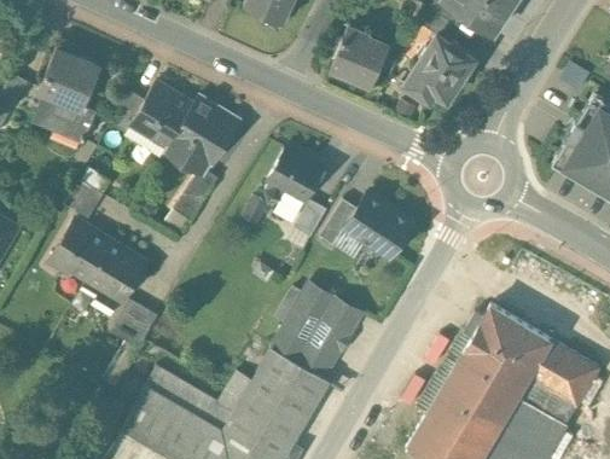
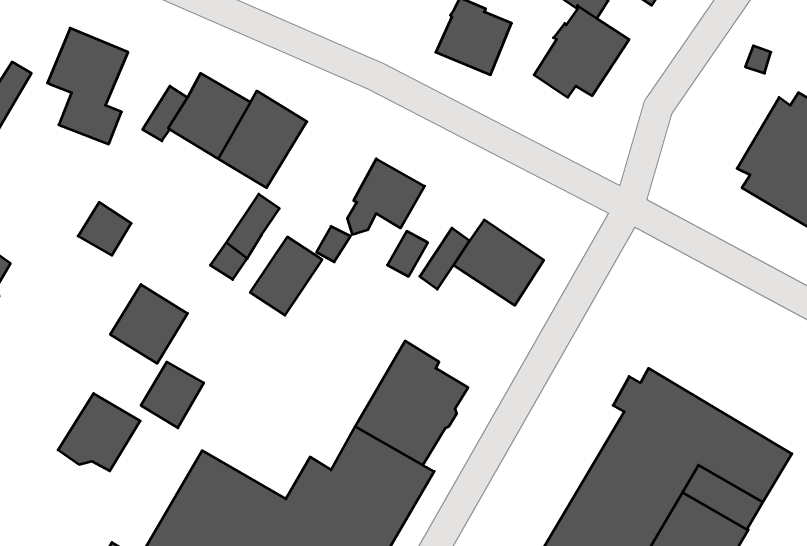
building: [30,92,86,144] -> none
building: none -> [250,237,322,315]
building: [48,221,110,279] -> [58,393,140,471]

